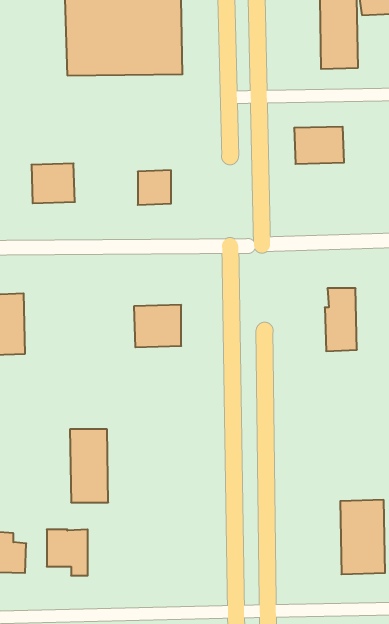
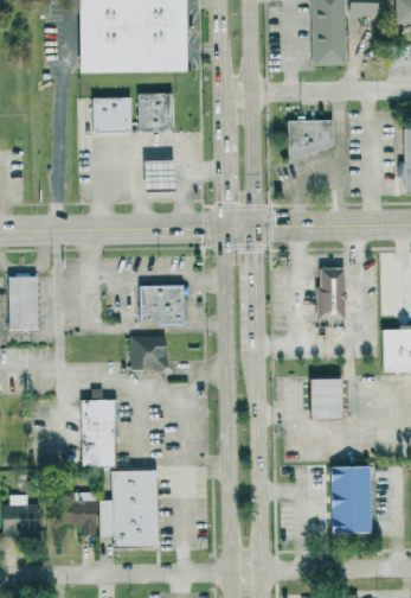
building: none -> [137,91,174,131]
building: [31,163,75,203] -> [91,95,131,132]
building: none -> [131,335,167,369]
building: none -> [309,377,341,419]
building: none -> [99,469,158,547]

